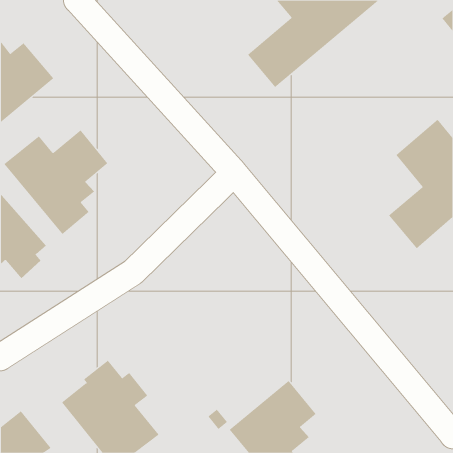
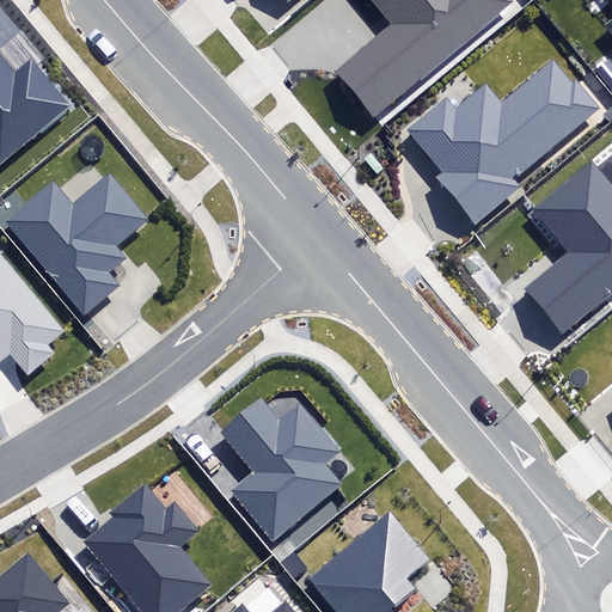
building: none -> [405,63,596,227]
building: none -> [221,398,343,543]

